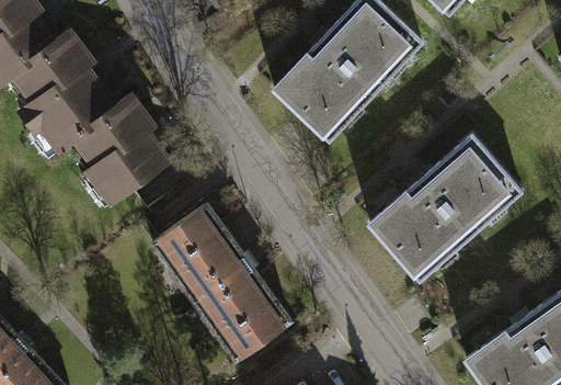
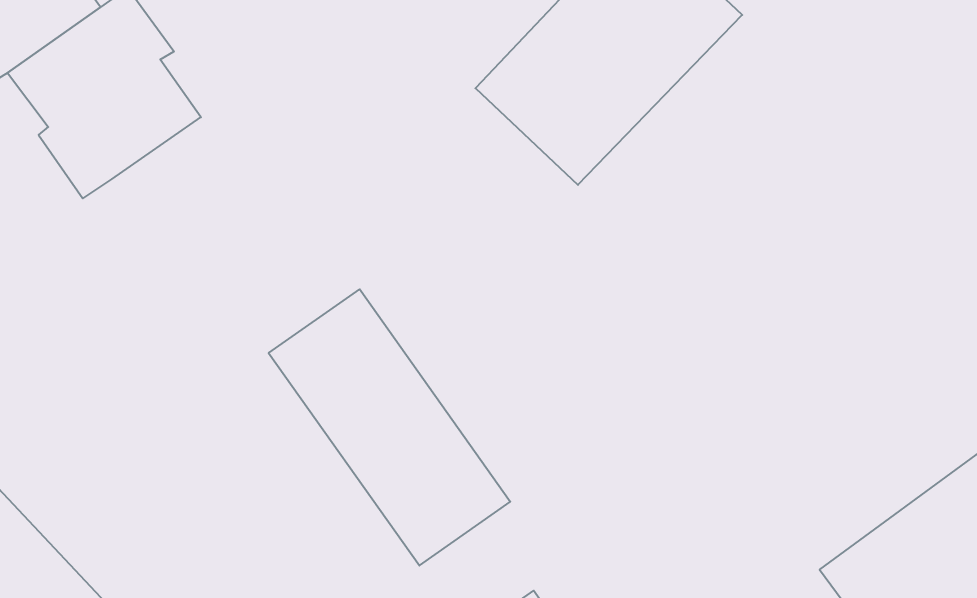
building: [64,92,173,212] -> none
building: [367,134,524,285] -> none

